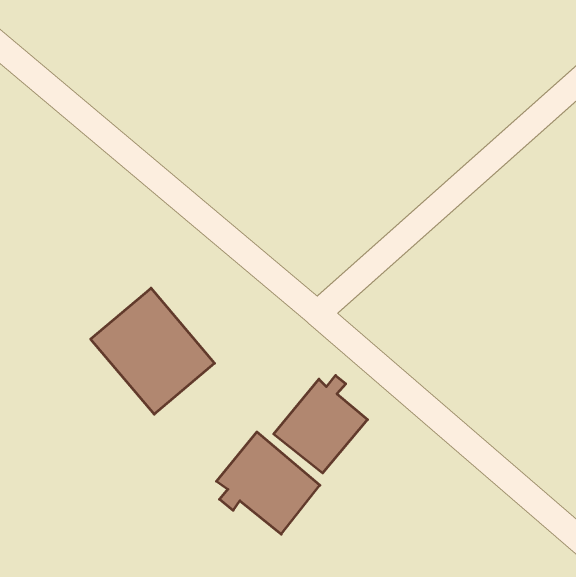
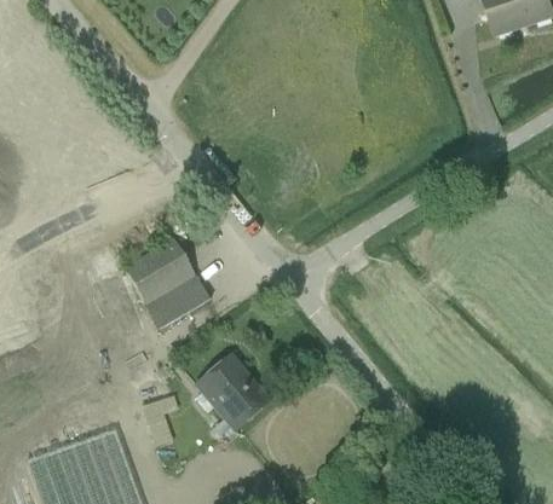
building: [274,375,368,473] -> none

